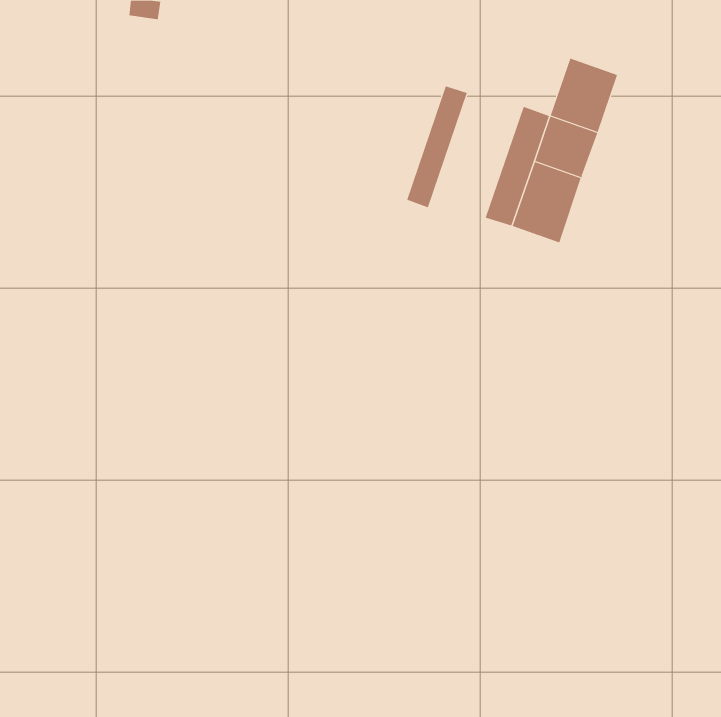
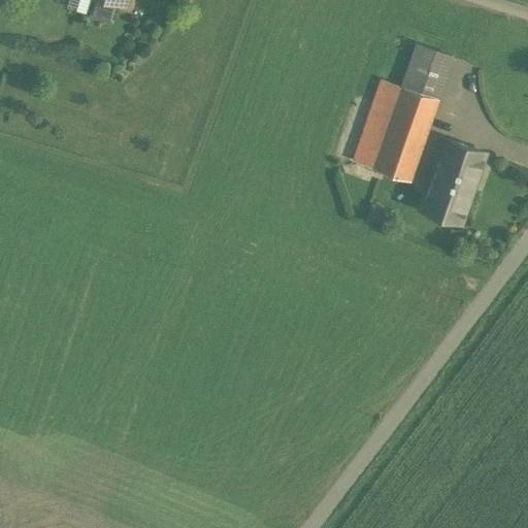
building: [407,85,468,208] -> none
building: none -> [420,140,485,225]

